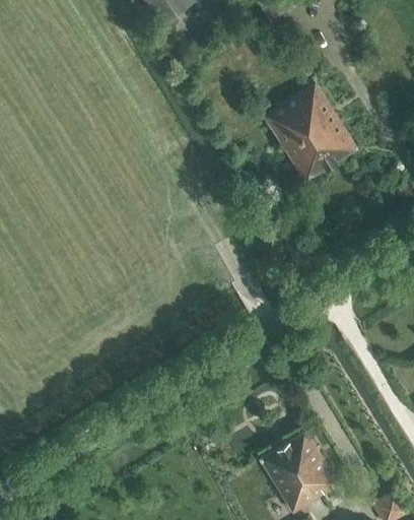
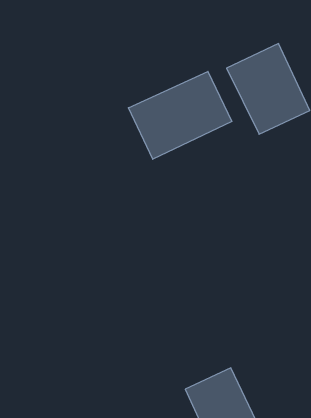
building: none -> [128,71,232,159]

